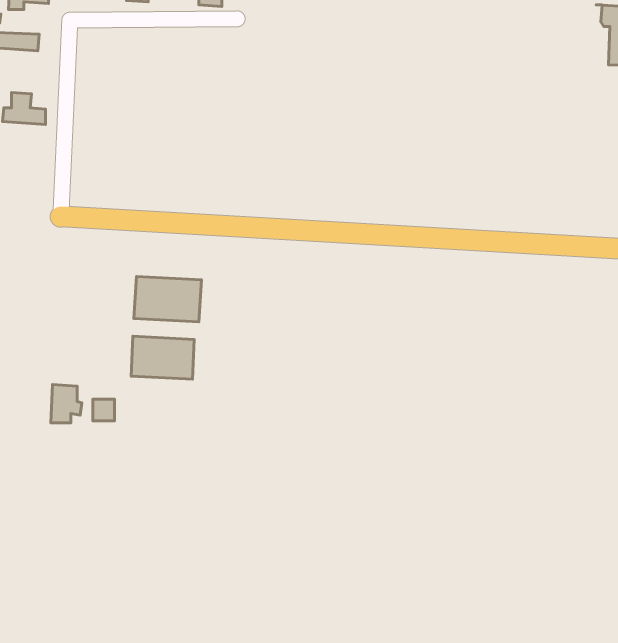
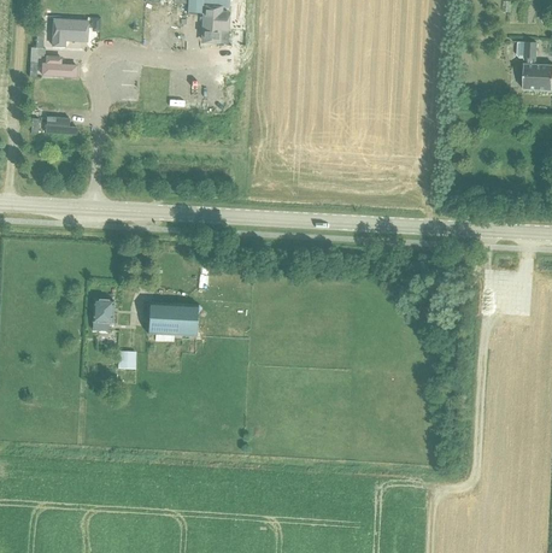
building: [134,277,201,322] -> none
building: [51,384,82,423] -> [94,299,118,329]

